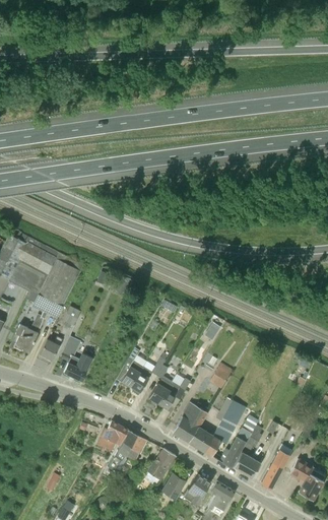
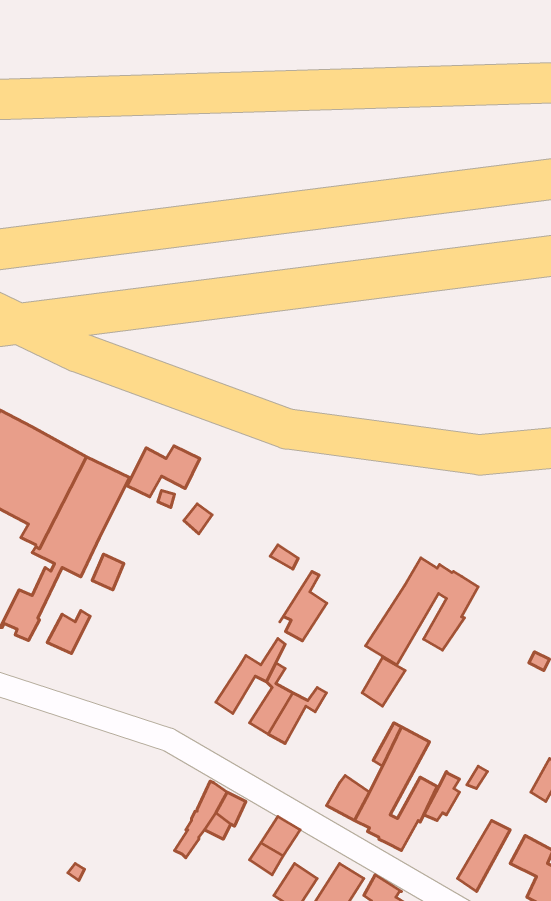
building: none -> [127,446,200,497]
building: none -> [365,558,478,665]
building: [60,336,93,382] -> none
building: [118,349,143,387] -> [280,571,327,641]
building: [173,403,207,443] -> none
building: [95,421,127,451] -> none
building: [233,452,261,478] -> none

